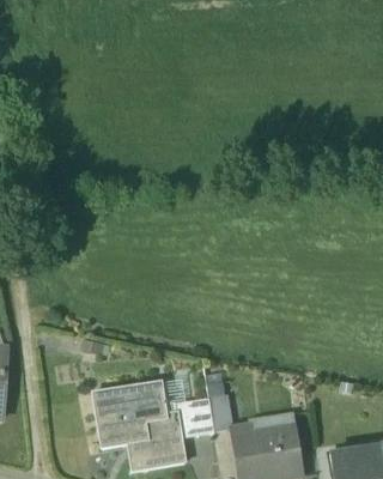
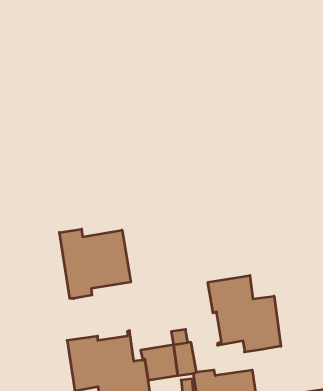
building: none -> [59,229,131,299]
building: none -> [208,275,281,352]

